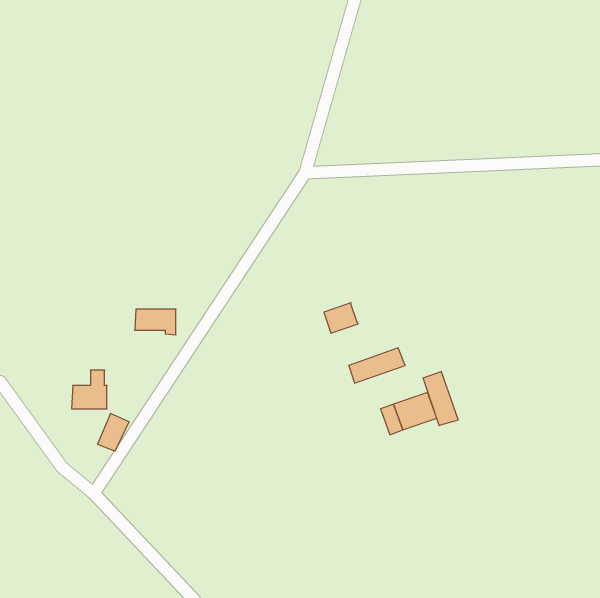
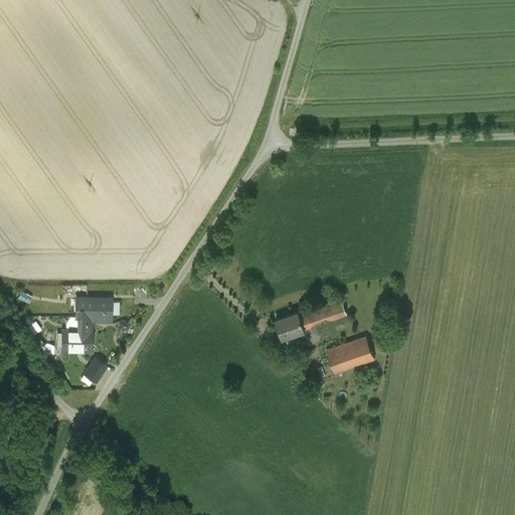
building: [324,303,358,333] -> [276,314,305,340]
building: [135,309,176,335] -> [75,301,111,323]
building: [423,371,458,426] -> none

